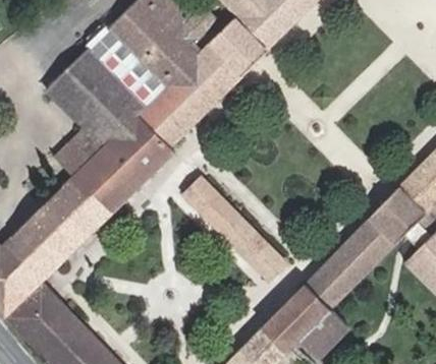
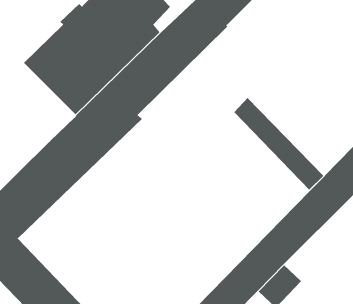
building: [55,129,102,175] -> none
building: [186,178,285,280] -> [233,97,324,191]

